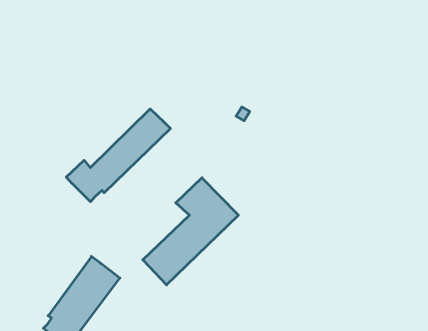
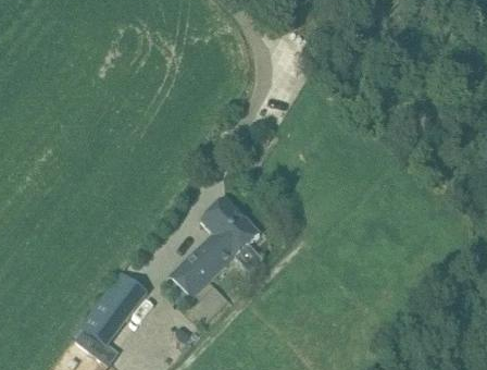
building: [66,109,170,202] -> none

